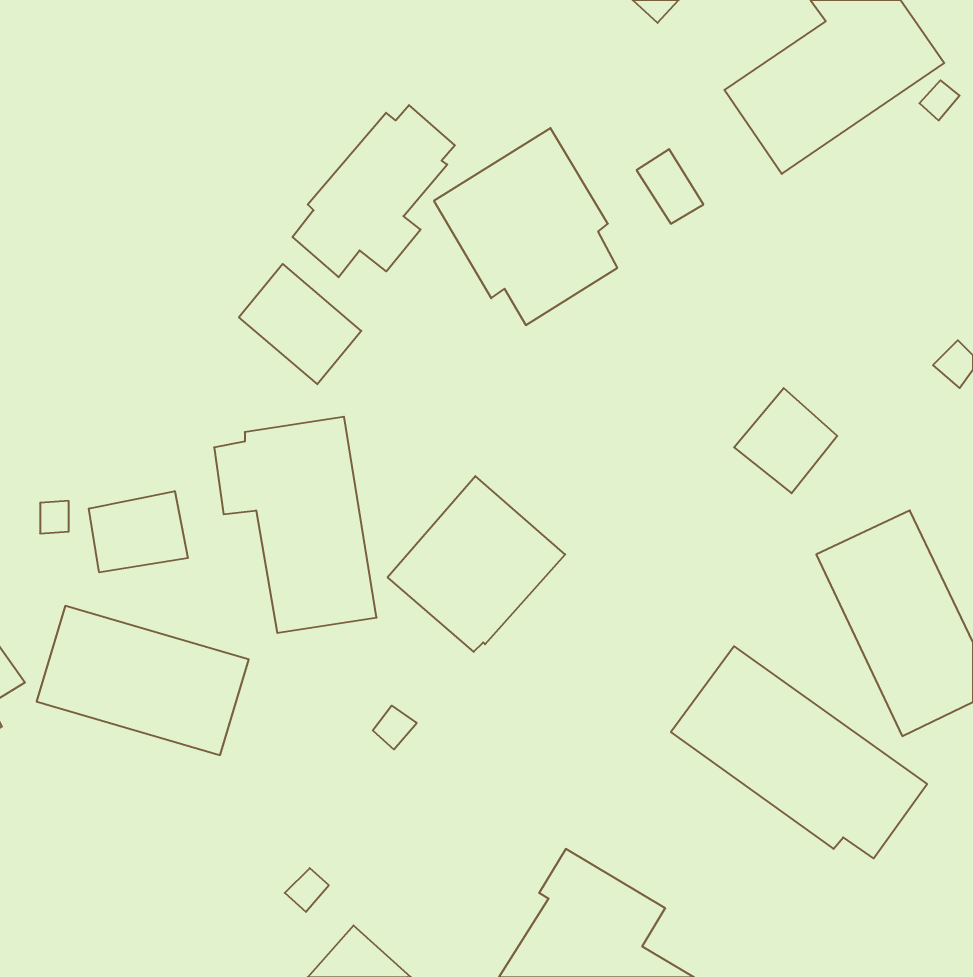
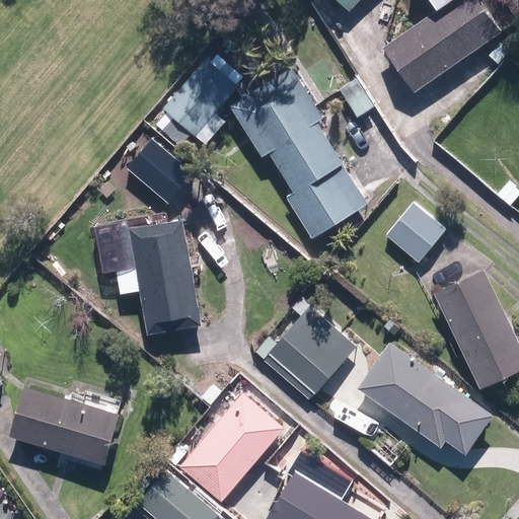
building: none -> [279,142,366,238]
building: [388,476,565,652] -> [262,306,356,399]
building: [89,491,188,572] -> none
building: [37,606,249,755] -> [8,386,121,465]
building: none -> [180,393,283,502]

